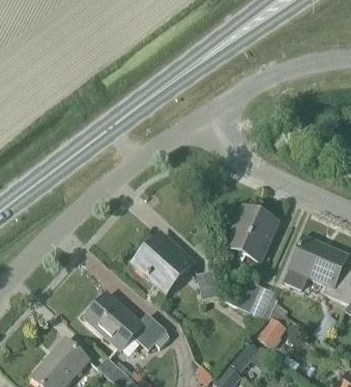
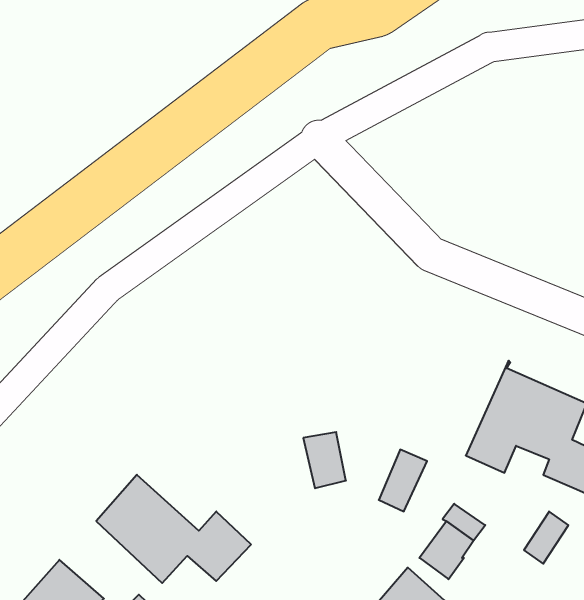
building: [226,204,277,262] -> none
building: [134,235,194,291] -> none

